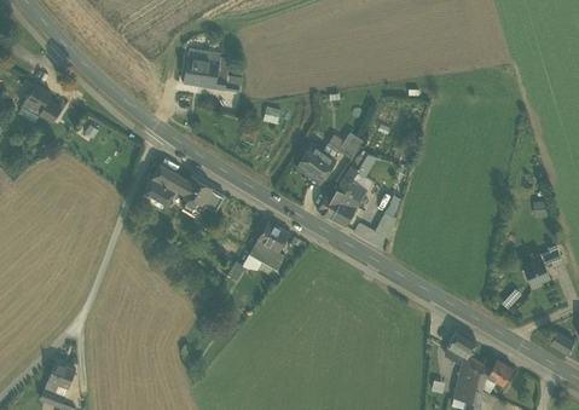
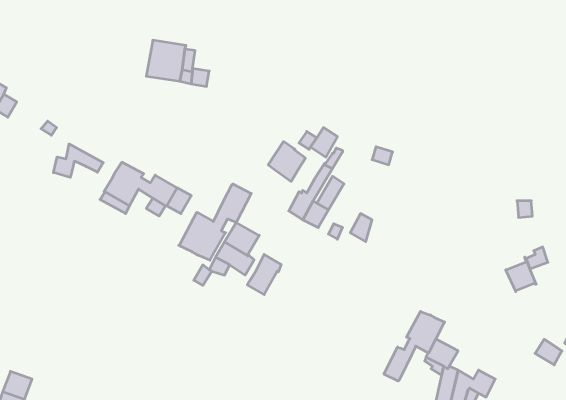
building: none -> [53,144,103,177]
building: none -> [179,184,251,260]
building: none -> [247,254,281,295]
building: none -> [384,311,445,381]

